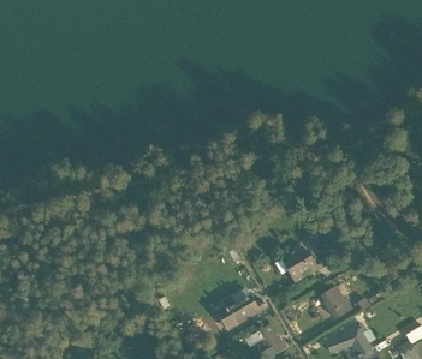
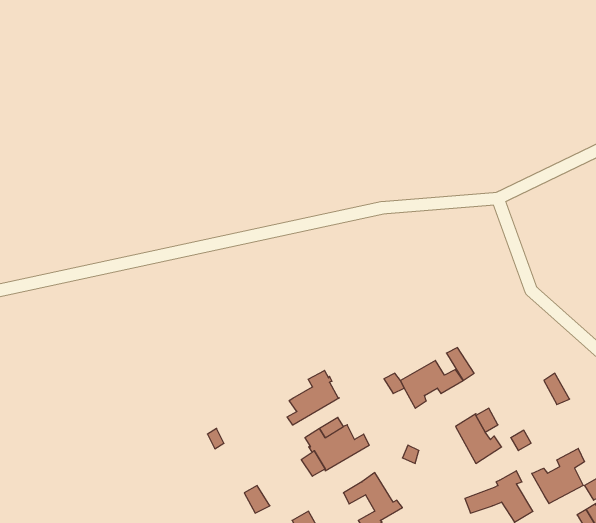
building: none -> [287,370,339,425]
building: none -> [532,448,585,504]

